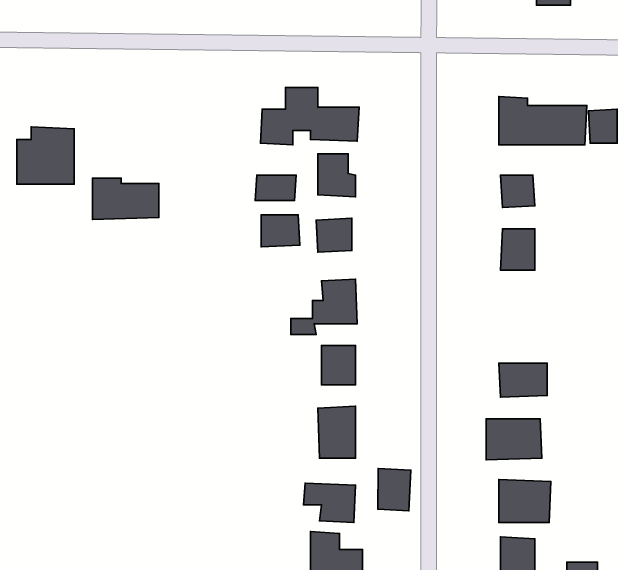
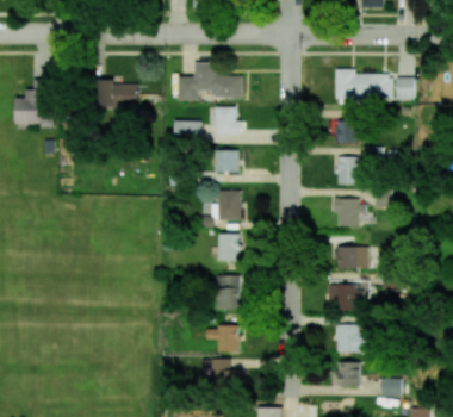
building: [93,178,159,219] -> [94,80,138,107]
building: [261,215,300,247] -> none
building: none -> [336,199,367,225]
building: [378,469,411,511] -> none

